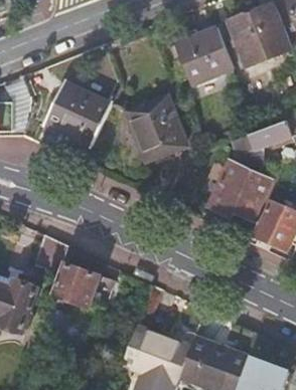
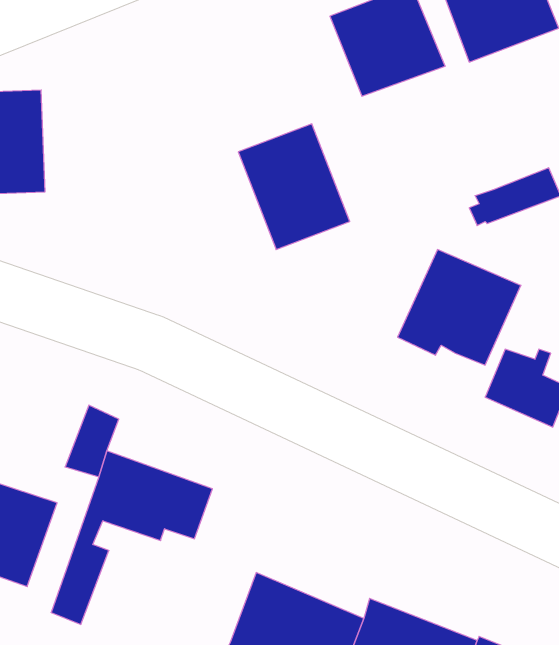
building: [44,82,111,146] -> none

